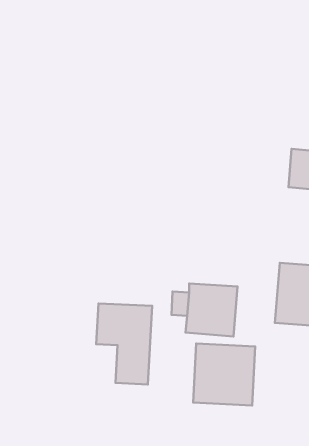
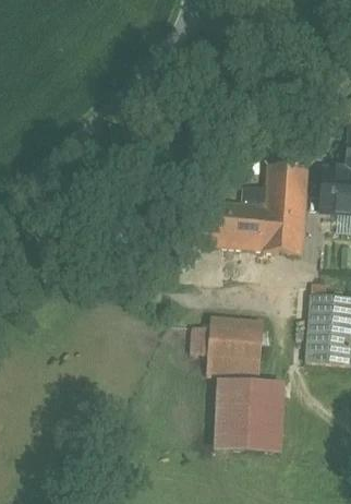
building: none -> [202,164,306,253]
building: [96,303,152,384] -> none

